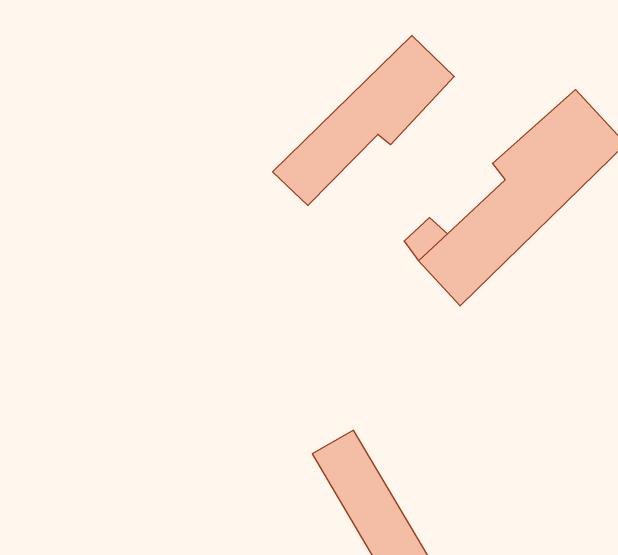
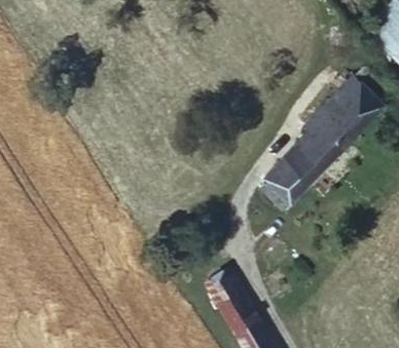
building: [273,35,454,206] -> none

